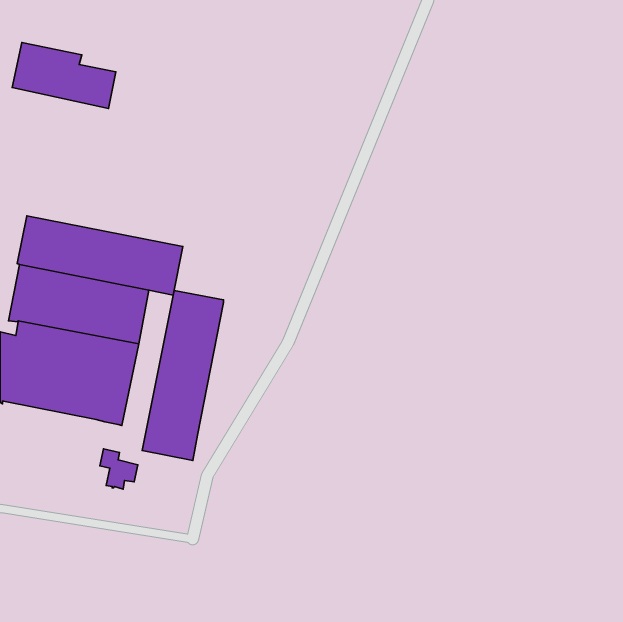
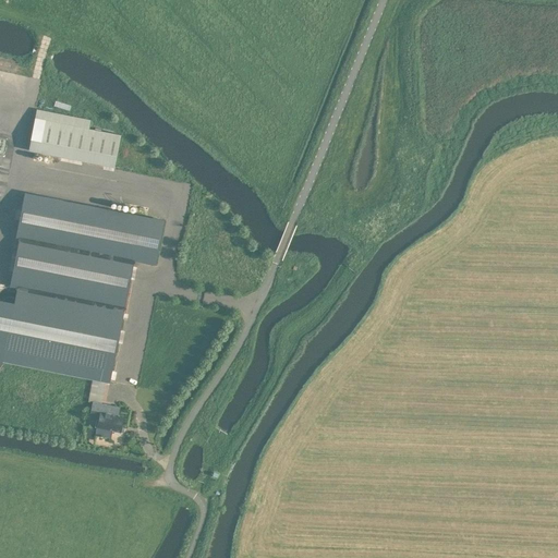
building: [12,43,116,108] -> [27,109,120,168]
building: [142,290,224,460] -> none

